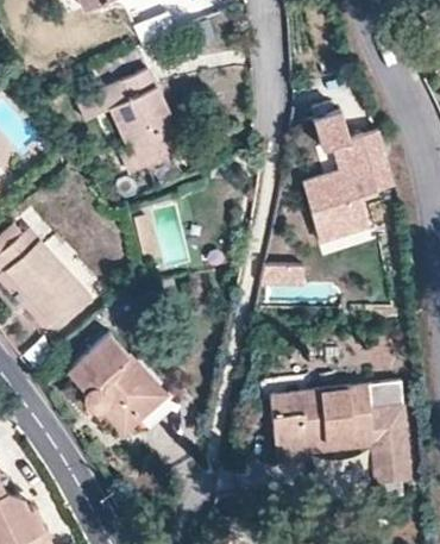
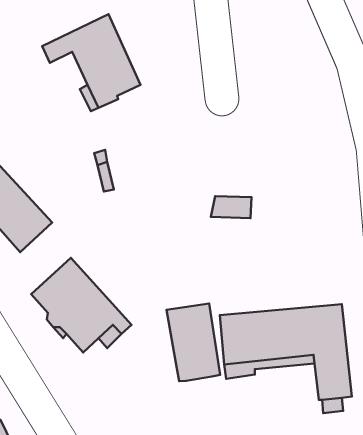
building: [303,113,396,243] -> none
building: none -> [167,303,220,381]

